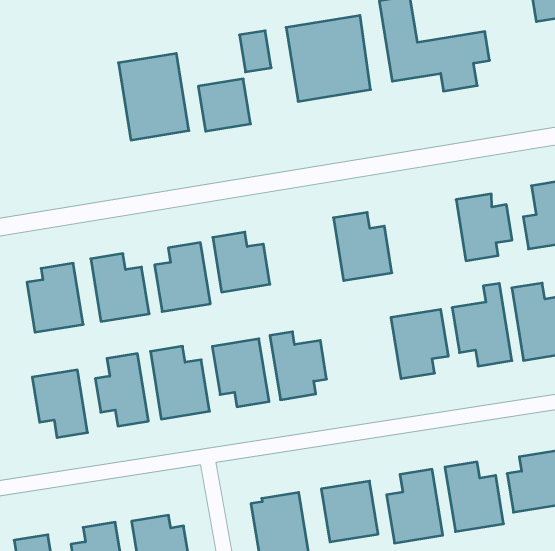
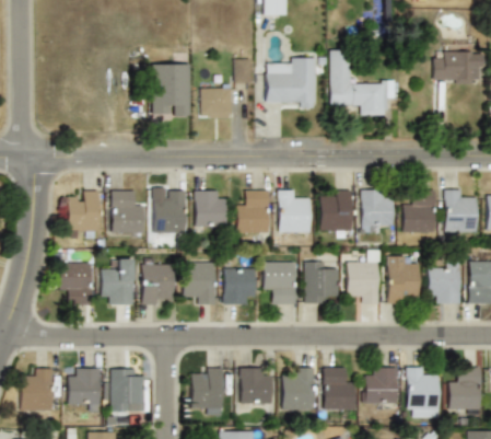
building: none -> [319,190,351,230]
building: none -> [236,189,268,233]
building: none -> [262,262,296,304]

